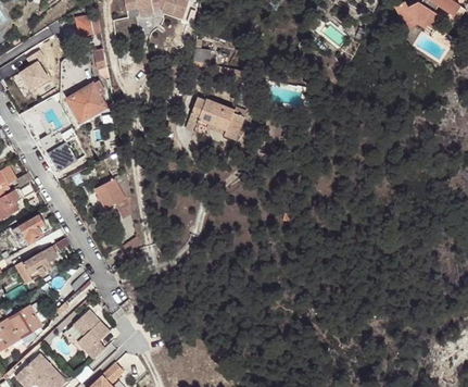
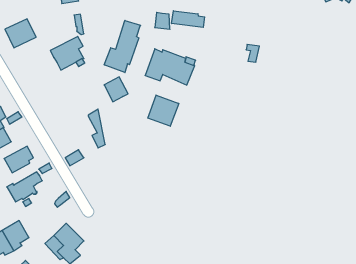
building: none -> [172,11,205,27]
building: none -> [104,20,141,73]
building: [46,137,79,168] -> none
building: none -> [148,95,179,126]
building: [96,176,125,207] -> [104,77,128,102]

